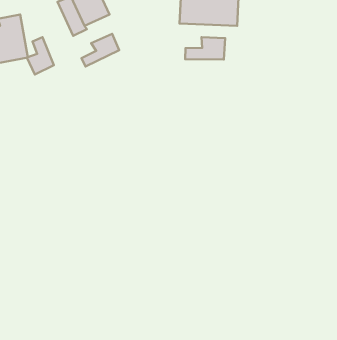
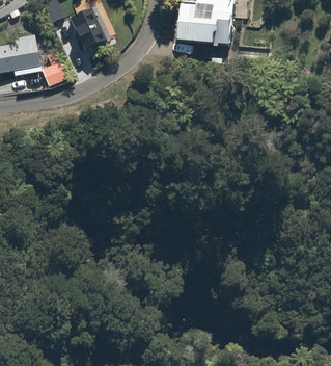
building: [82,34,119,67] -> none
building: [185,37,225,60] -> none

